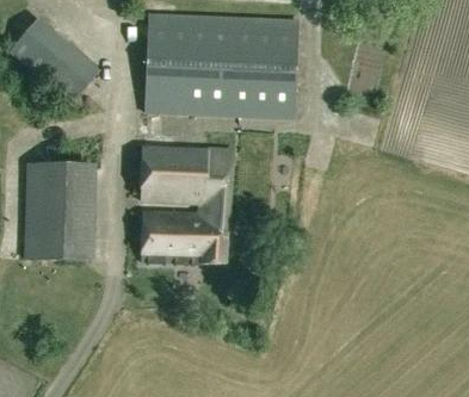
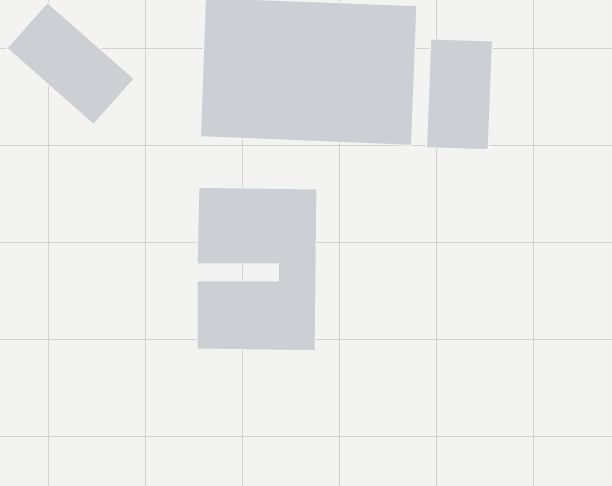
building: none -> [426,39,492,150]
building: [25,162,88,260] -> none

